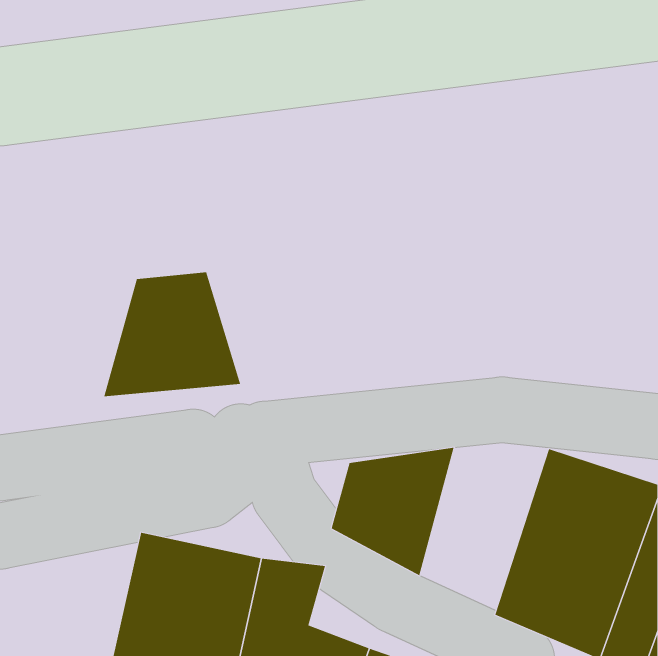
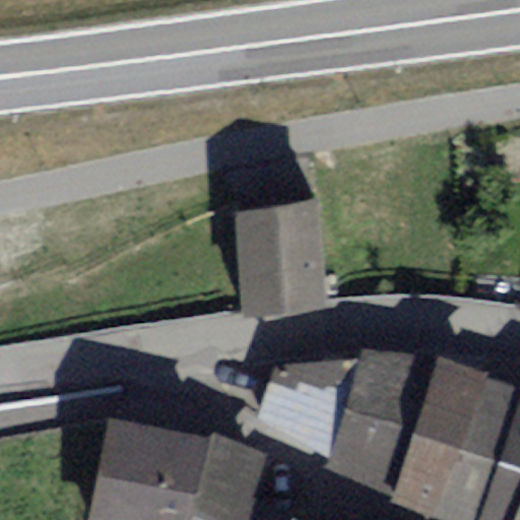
building: none -> [232,207,323,314]
building: [103,272,241,397] -> none
building: none -> [331,354,433,486]

